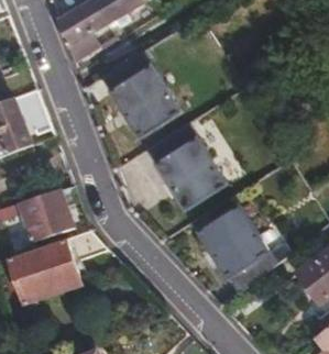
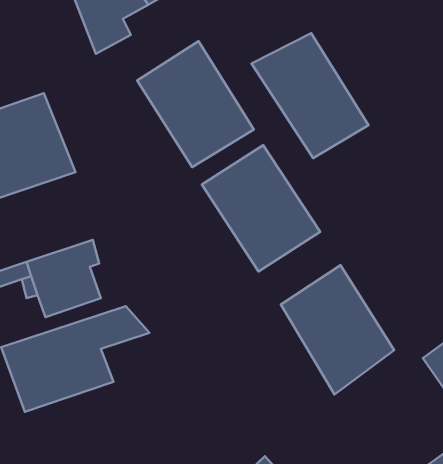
building: none -> [252,33,369,158]

